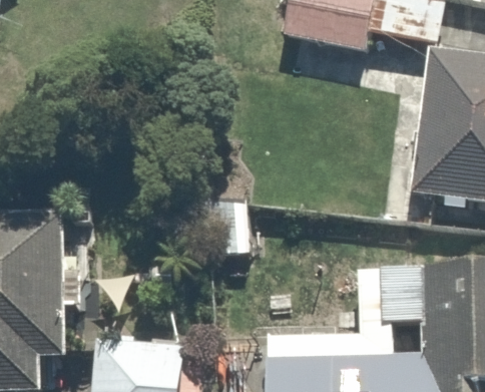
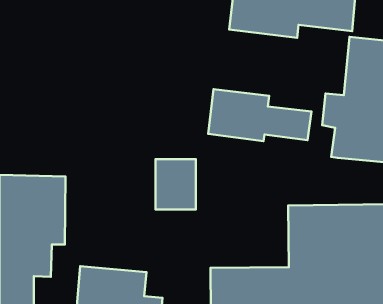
building: none -> [208,89,312,141]

